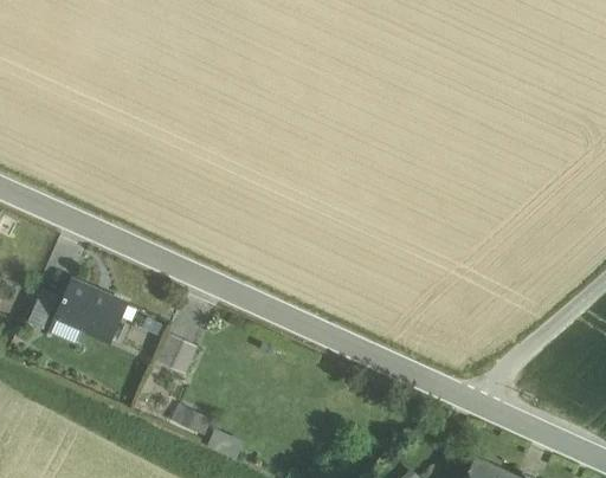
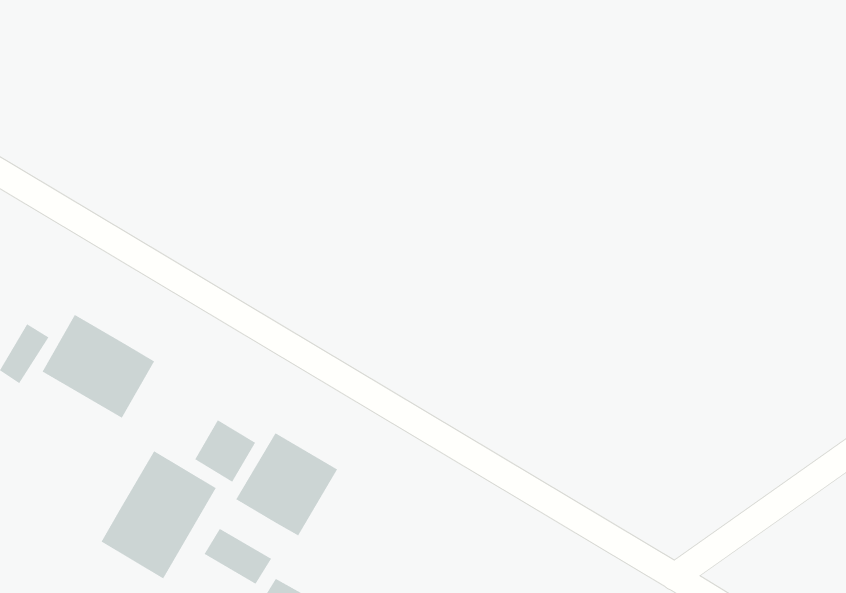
building: none -> [235,432,338,536]
building: none -> [100,450,217,580]

